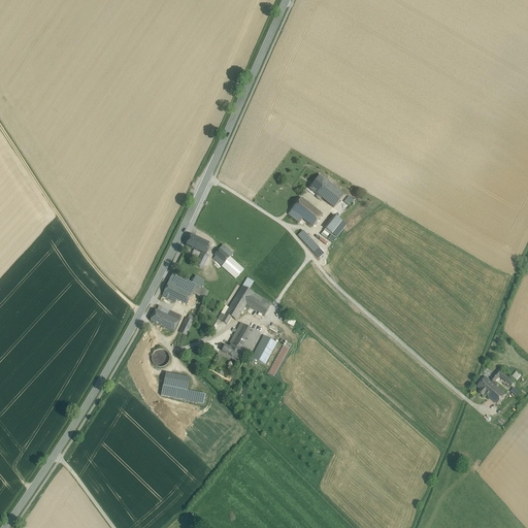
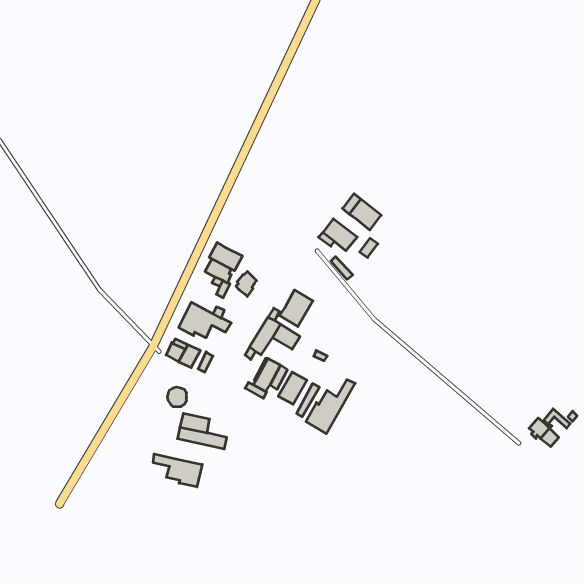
building: none -> [209,242,242,271]
building: none -> [279,290,313,327]
building: none -> [306,380,355,434]
building: none -> [153,454,202,487]

